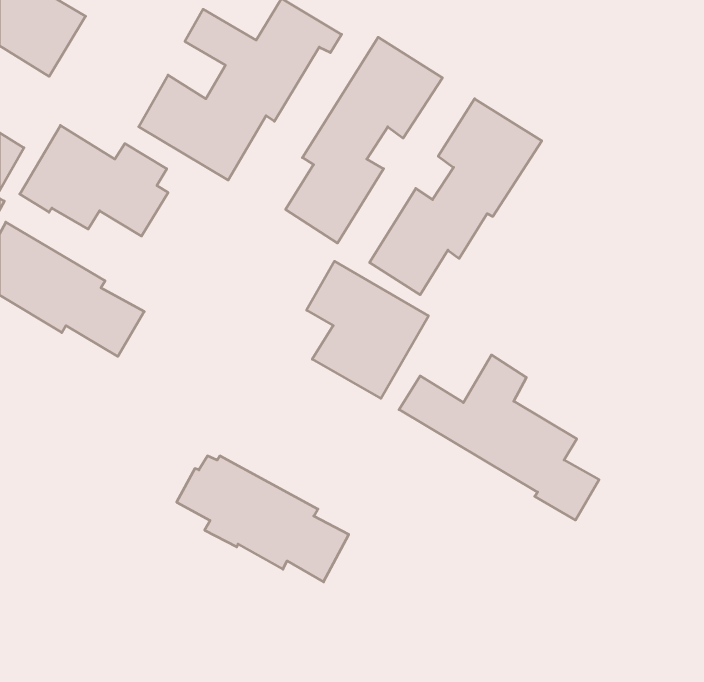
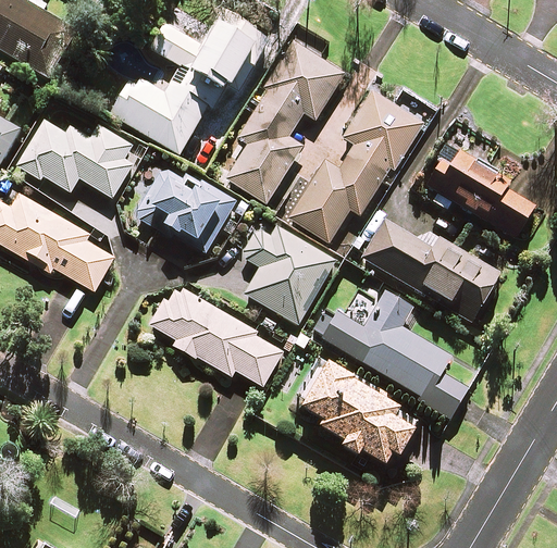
building: none -> [424,150,534,237]
building: none -> [135,165,235,249]
building: none -> [361,219,499,322]
building: none -> [299,361,418,463]
building: [177,456,349,582] -> [149,288,283,386]

